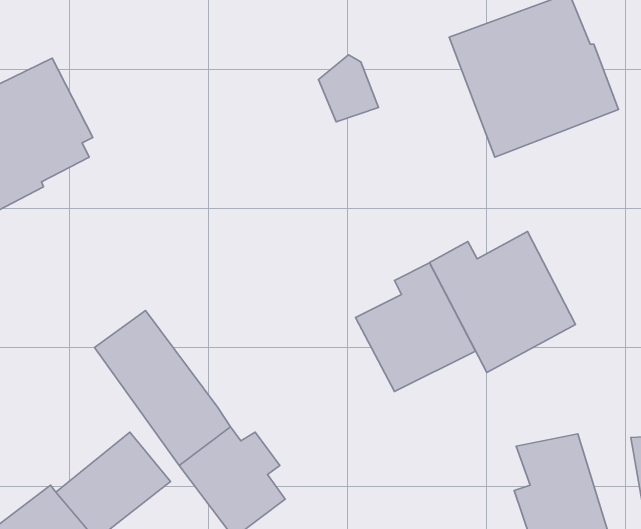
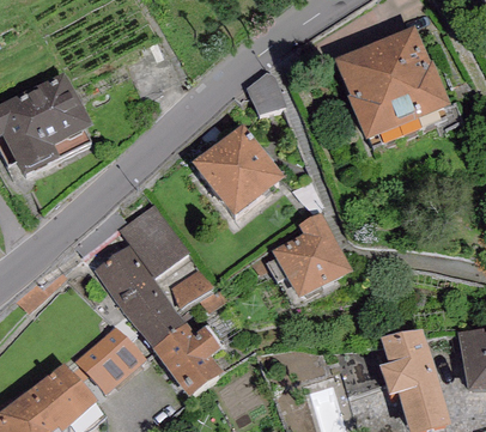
building: none -> [192,126,285,218]
building: [429,232,575,373] -> none
building: none -> [119,203,212,310]

